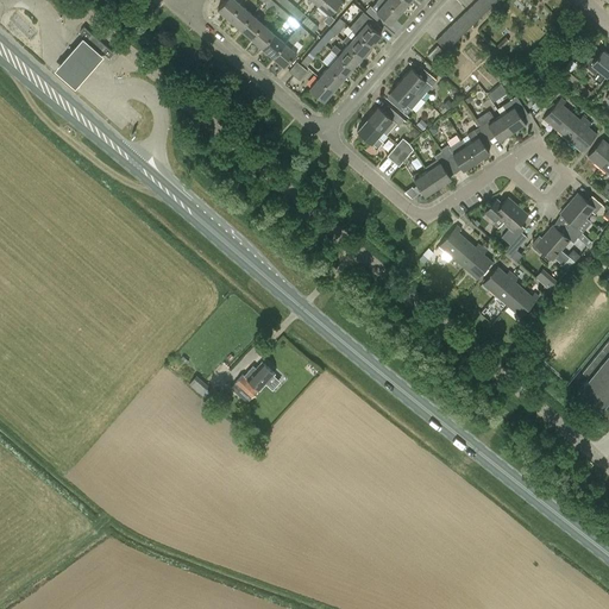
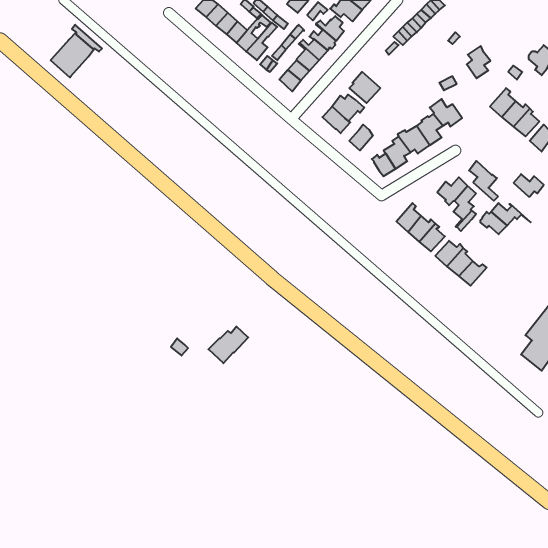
building: [402,68,438,99] -> none
building: [502,96,528,132] -> [467,46,490,78]
building: [561,203,594,247] -> [469,161,498,201]

